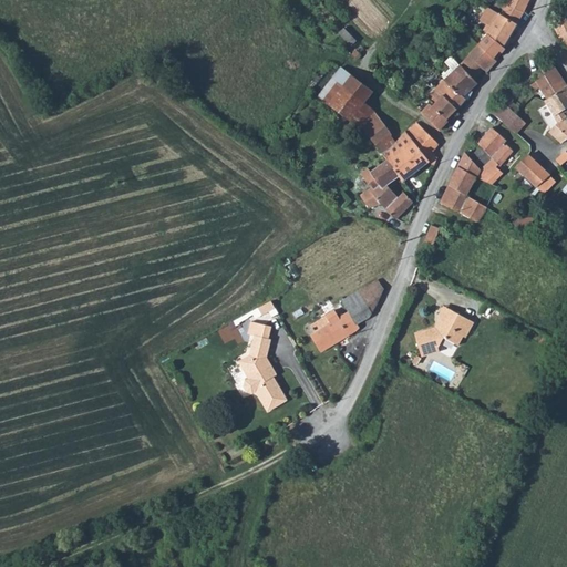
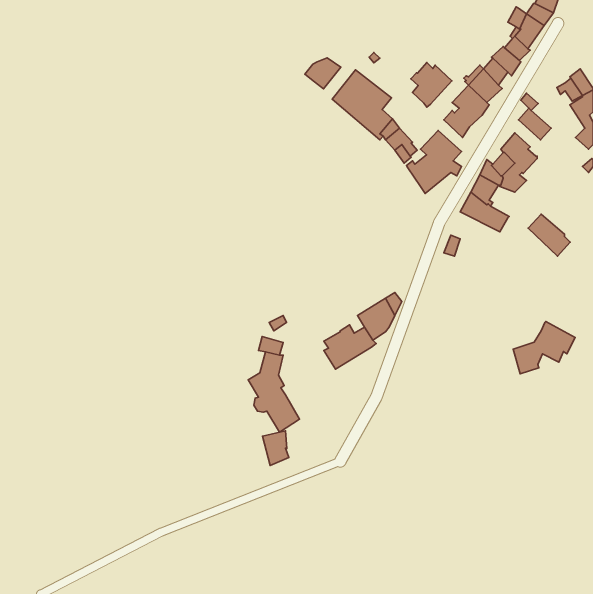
building: none -> [305,58,341,89]
building: none -> [411,62,452,107]
building: [516,154,556,194] -> [528,214,570,256]
building: [360,159,414,220] -> none
building: [413,306,472,355] -> [513,321,575,374]
building: none -> [263,431,289,466]

